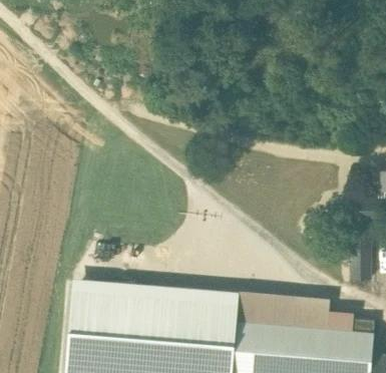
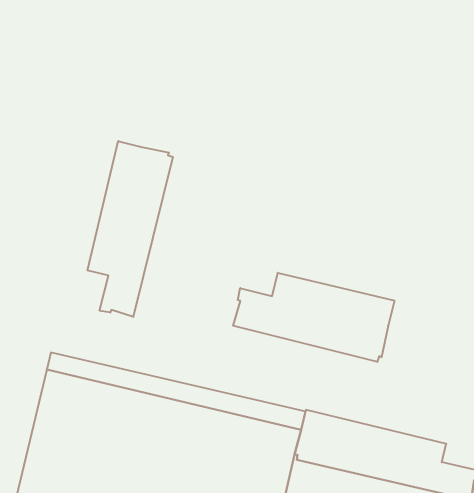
building: none -> [88,141,173,317]
building: none -> [233,273,394,362]

